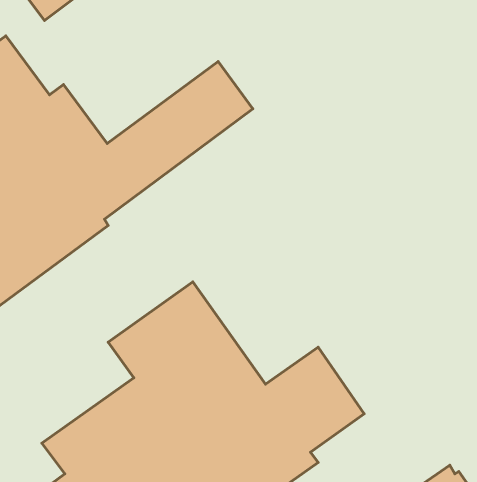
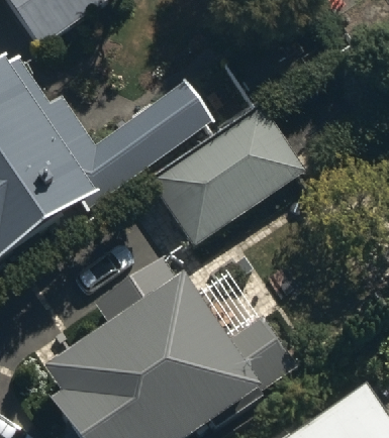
building: none -> [151,108,302,246]

